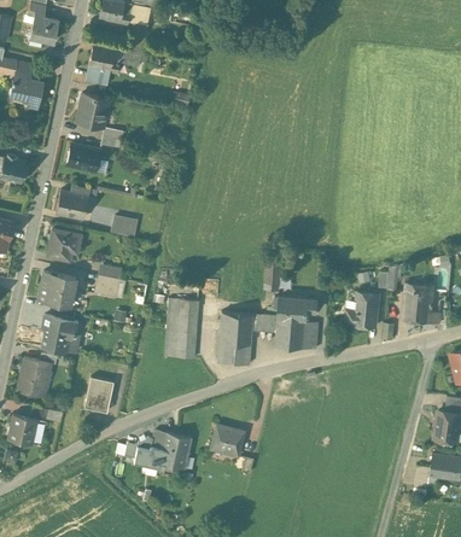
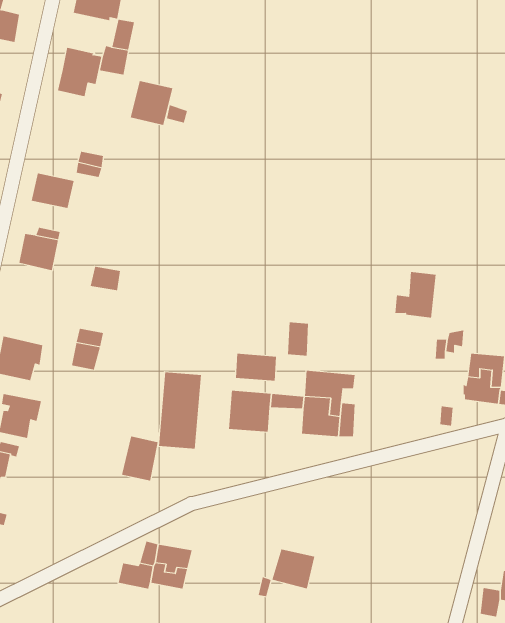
building: [75,93,109,128] -> [130,80,173,125]
building: [47,228,80,261] -> none
building: [345,292,378,328] -> [395,271,437,318]
building: [217,343,250,364] -> [235,353,277,381]
building: [83,377,112,411] -> [121,436,159,481]
building: [209,425,243,456] -> [272,549,315,589]

